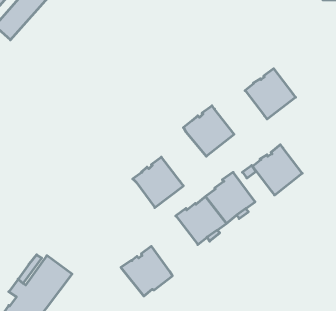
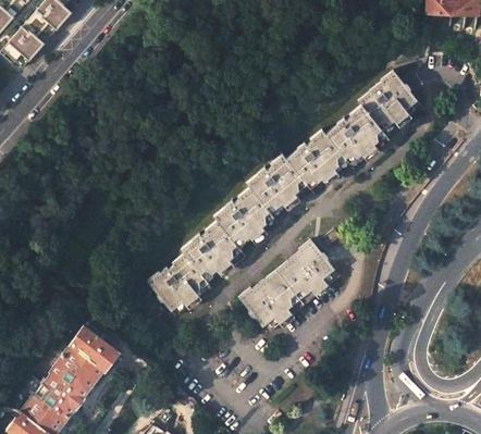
building: none -> [359,69,423,136]
building: none -> [213,185,279,249]
building: [253,145,302,195] -> [286,127,350,193]
building: none -> [67,324,119,370]
building: [121,246,172,296] -> [146,250,212,314]

